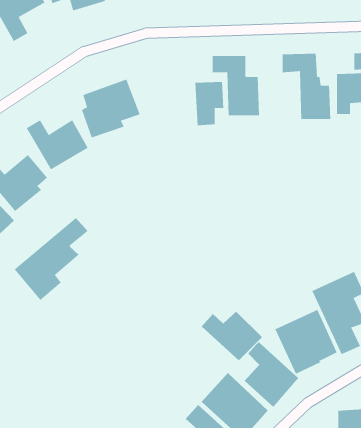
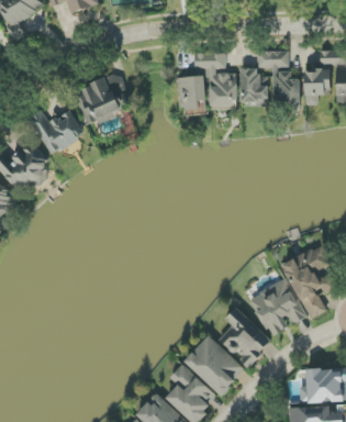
building: none -> [239,68,267,104]
building: [14,217,88,301] -> none
building: [201,311,263,361] -> none

